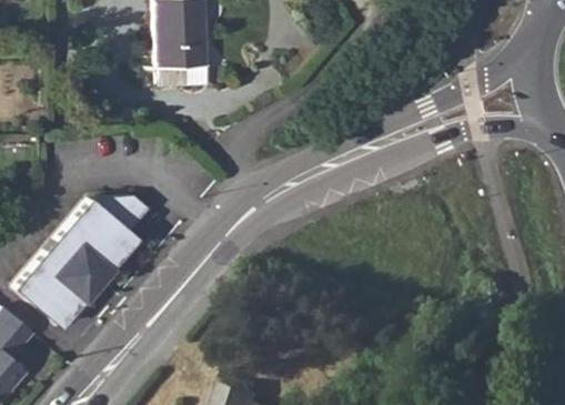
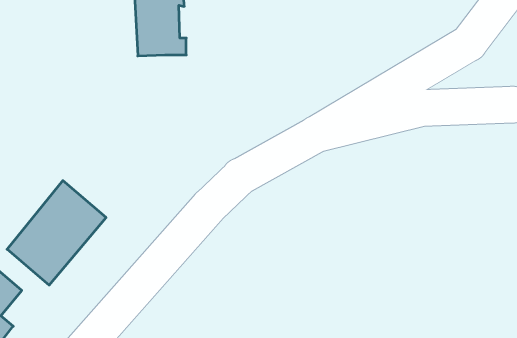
building: [77,195,149,256] -> none

